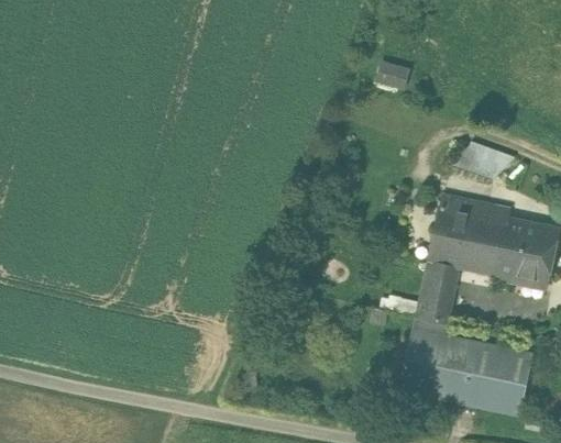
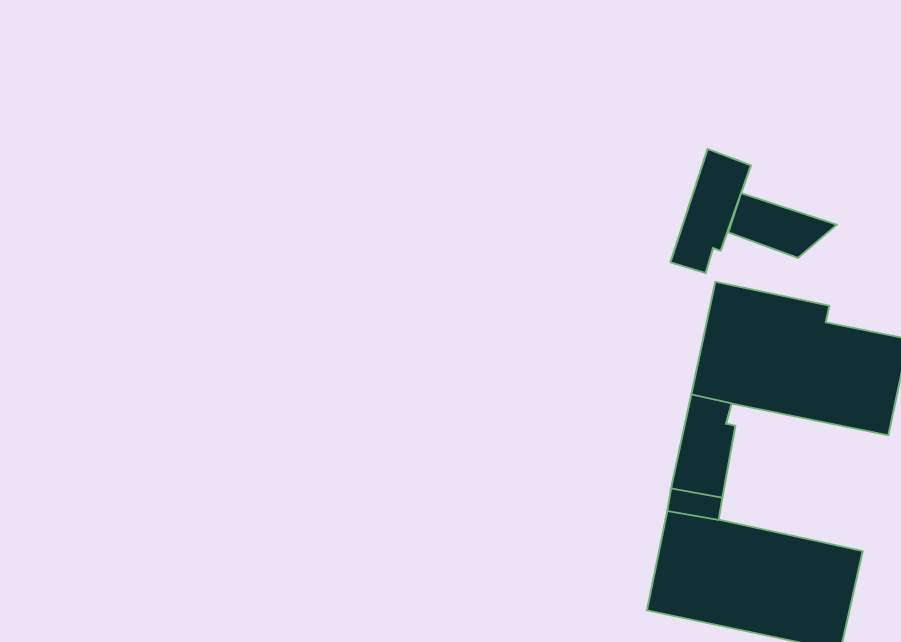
building: [375,59,410,89] -> none
building: none -> [671,149,751,273]

